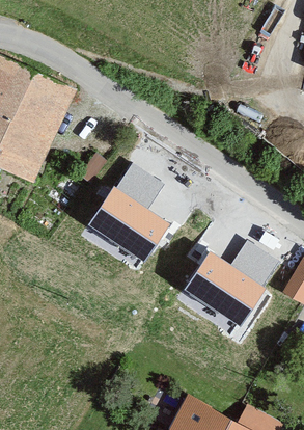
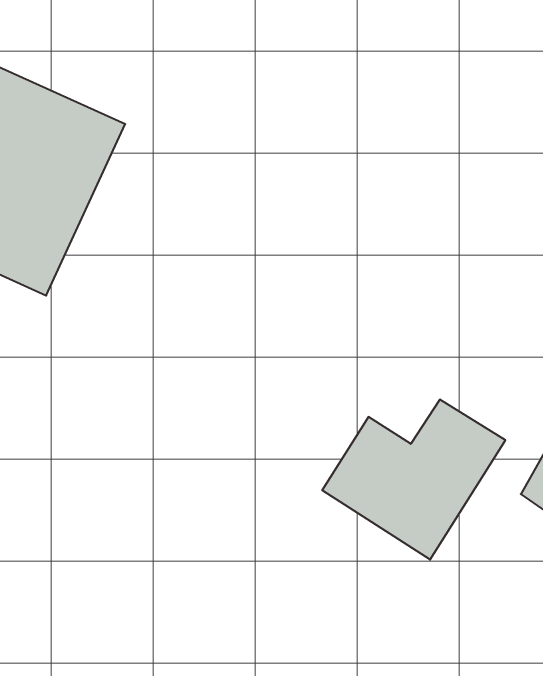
building: [89,162,168,262] -> none

